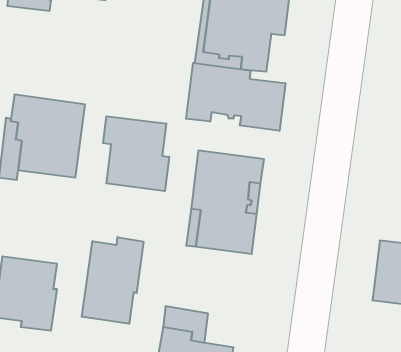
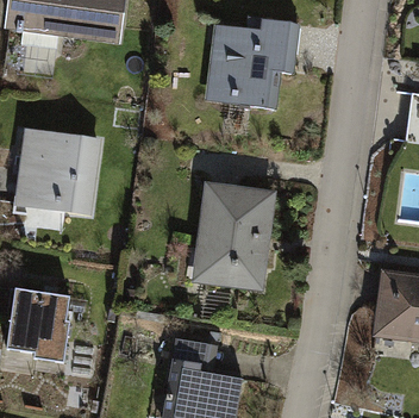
building: [186,63,285,131] -> none
building: [103,116,169,191] -> none
building: [82,237,143,324] -> none

